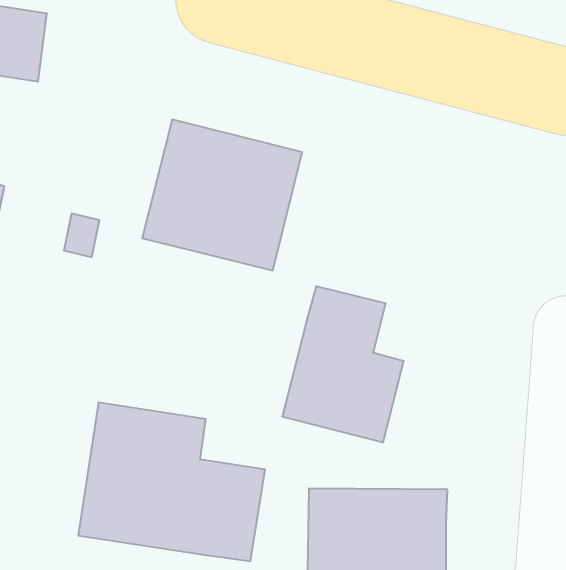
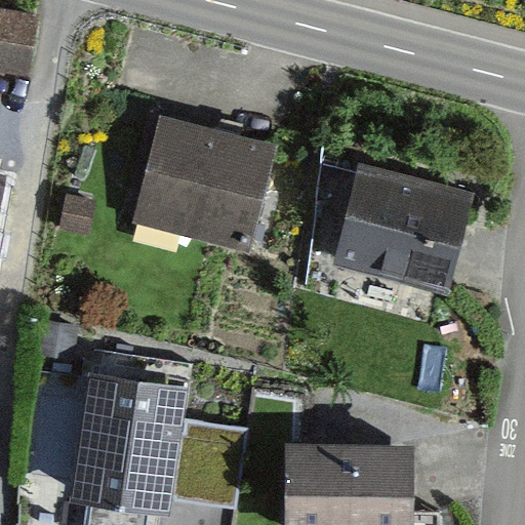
building: none -> [334,167,468,292]
building: [282,286,403,443] -> none

